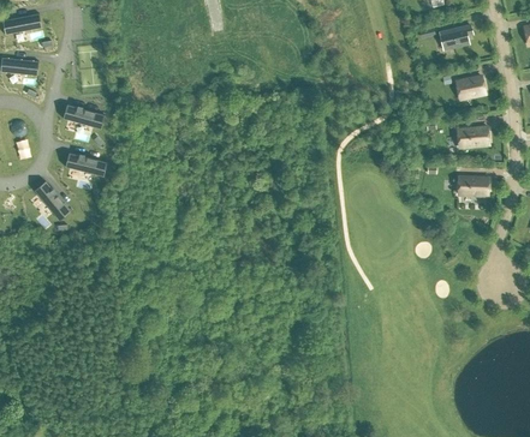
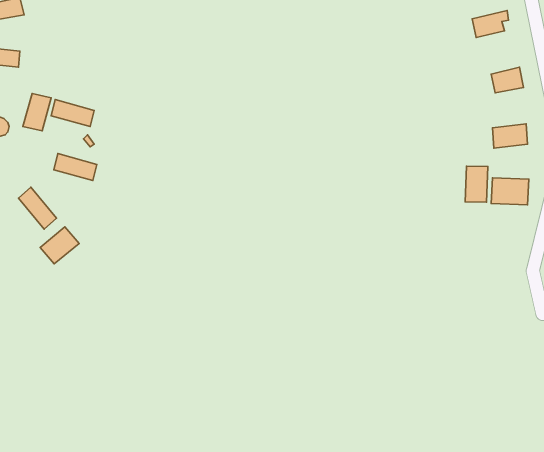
building: none -> [23,94,51,131]
building: none -> [465,166,488,202]
building: none -> [40,227,79,264]

